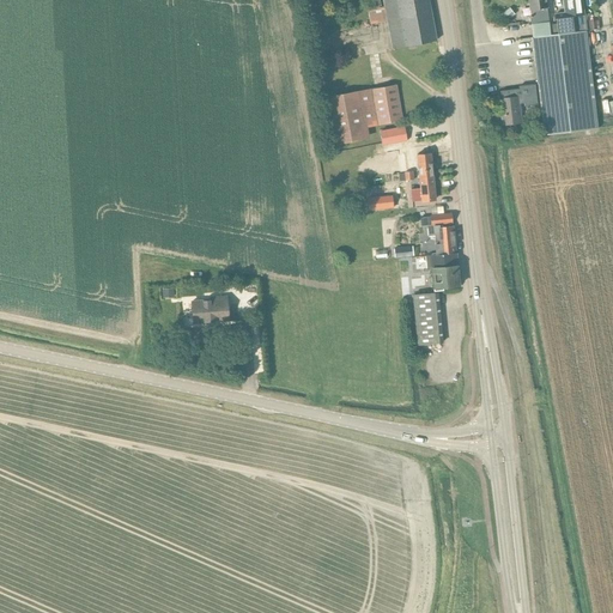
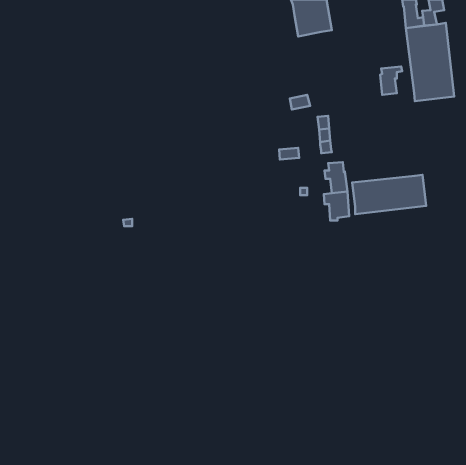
building: [324,83,402,144] -> none
building: none -> [352,175,426,214]
building: [413,292,443,344] -> none
building: [192,296,229,323] -> none

